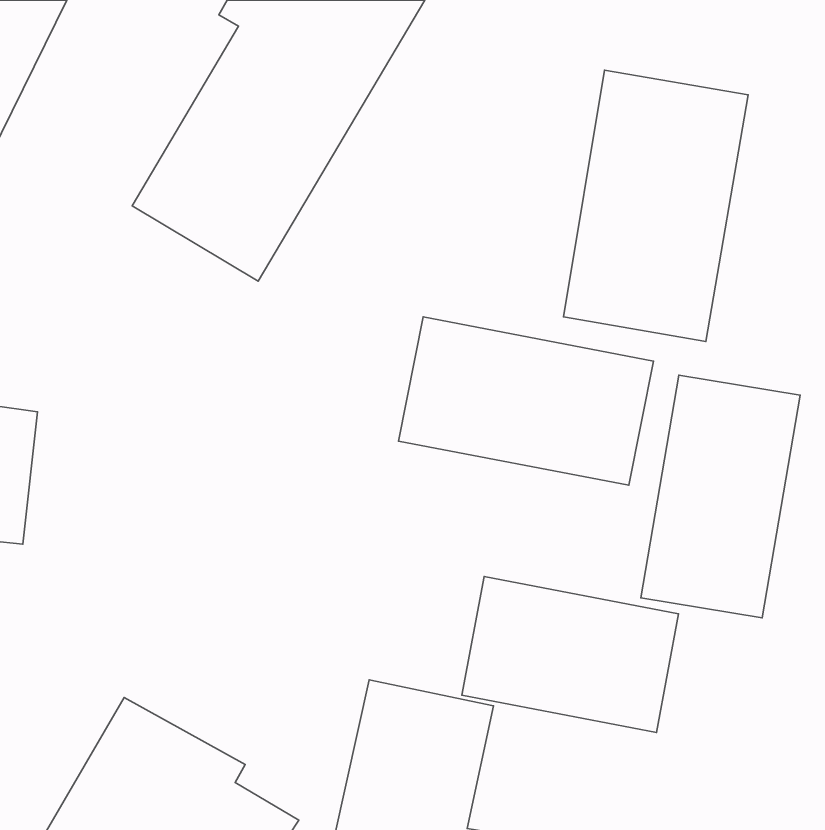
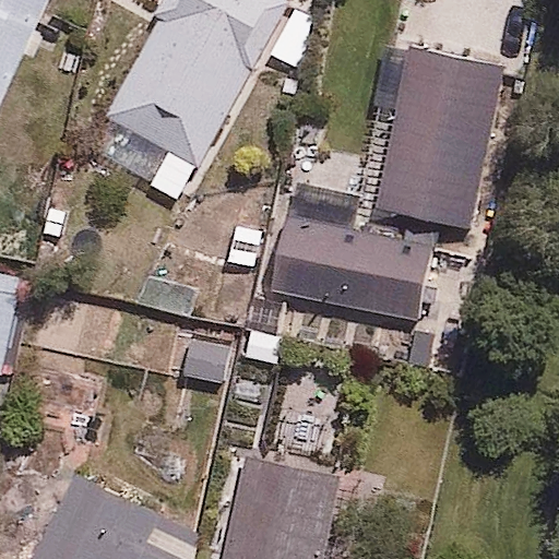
building: [641,375,800,618] -> none
building: [462,577,679,732] -> none

